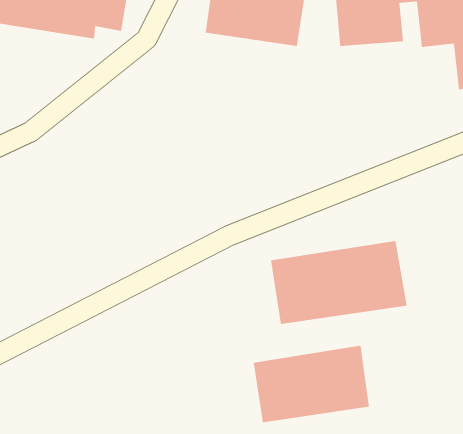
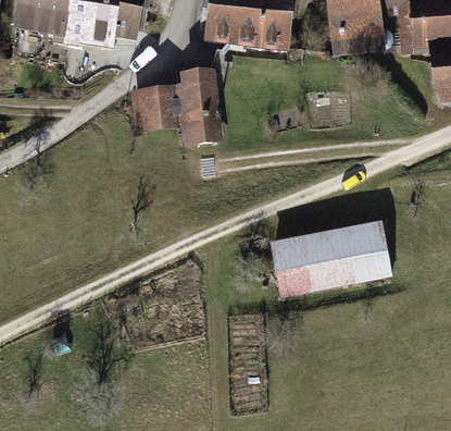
building: none -> [131,70,221,146]
building: [253,345,370,423] -> none

